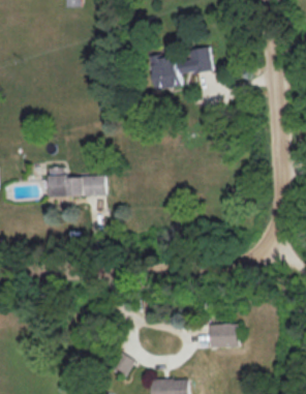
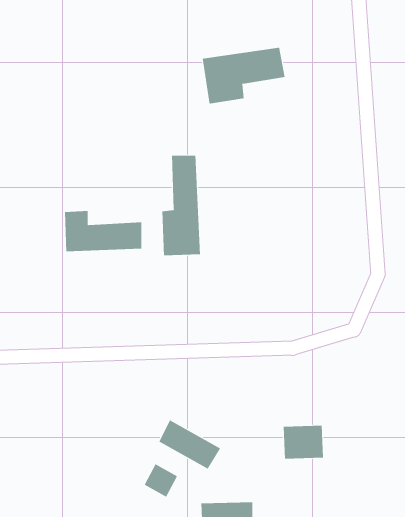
building: none -> [162,155,200,256]
building: none -> [158,420,221,470]

